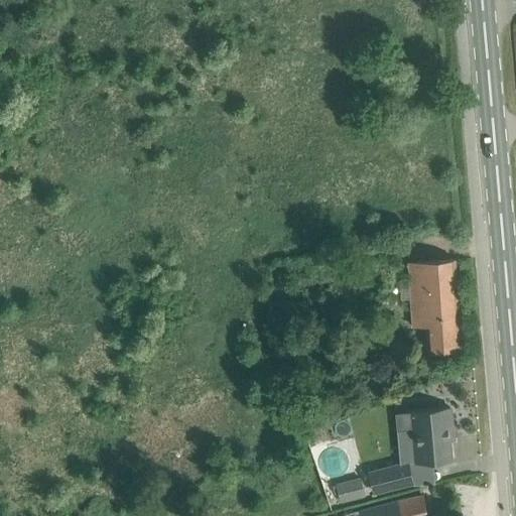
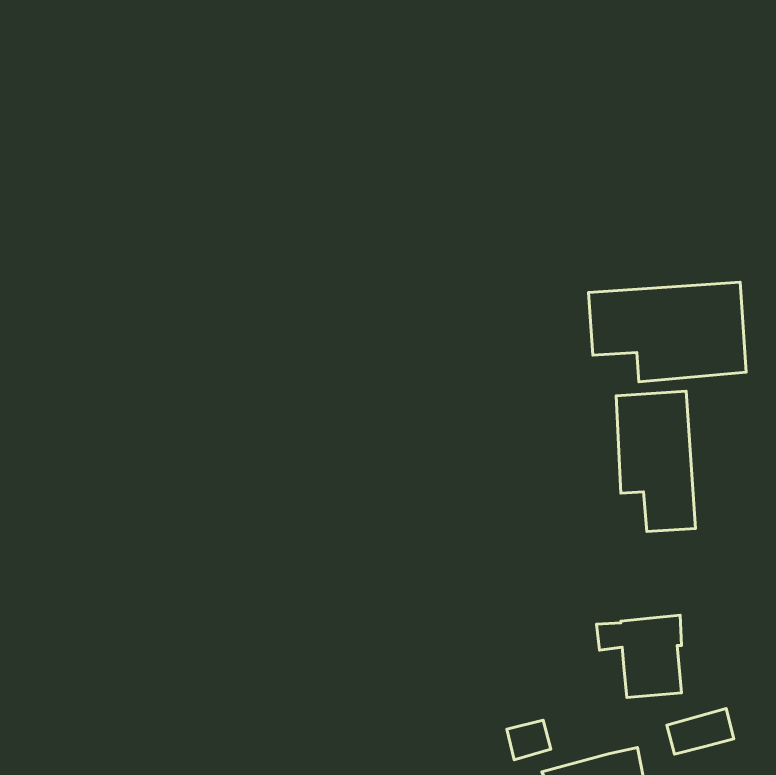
building: none -> [589,282,746,382]
building: [369,464,413,494] -> [667,708,734,754]

